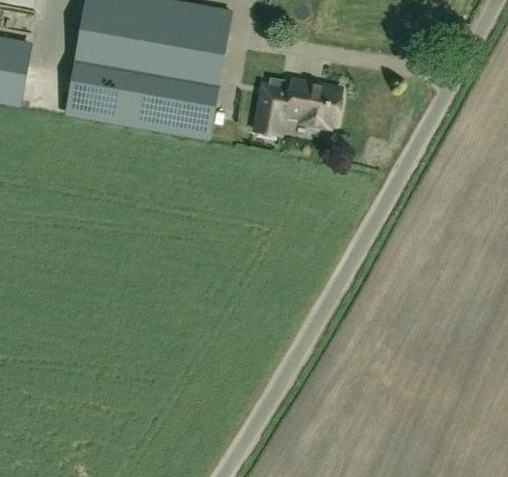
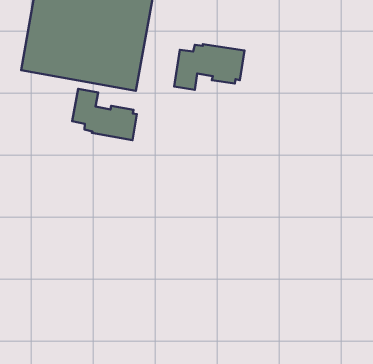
building: none -> [72,89,137,140]

